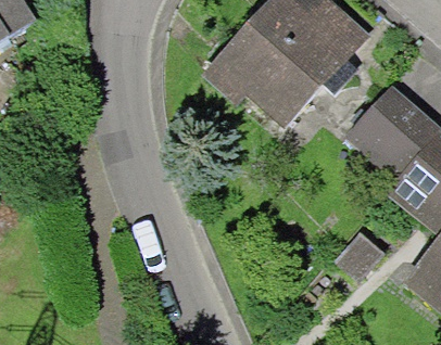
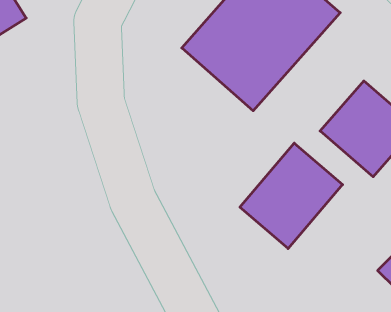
building: none -> [240,143,343,249]

